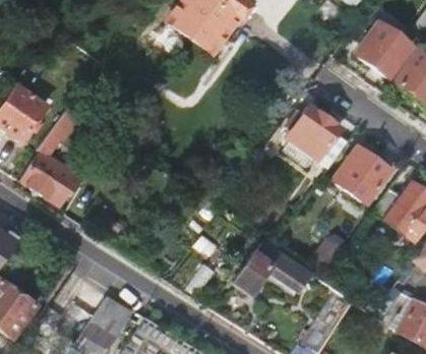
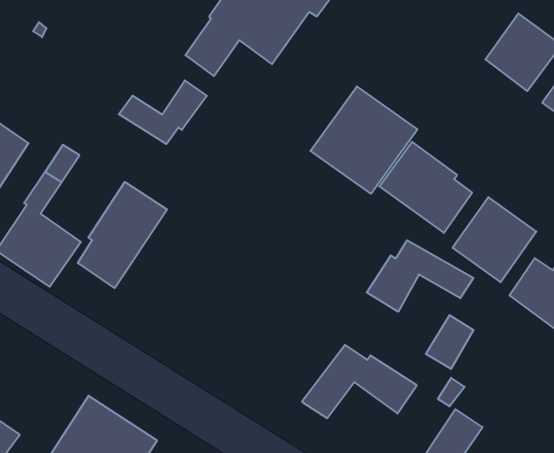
building: none -> [119,80,207,144]
building: none -> [310,86,417,194]
building: none -> [78,182,167,288]
building: none -> [367,240,473,312]

